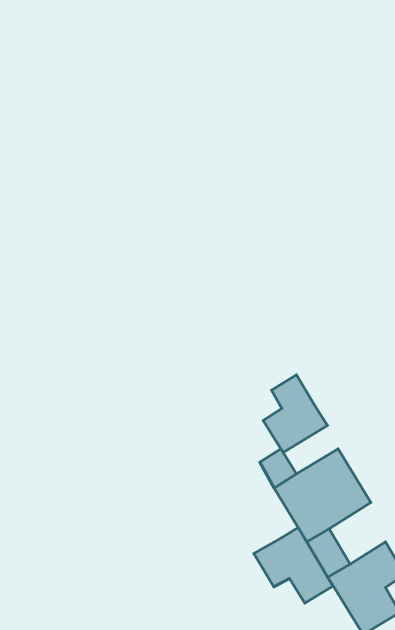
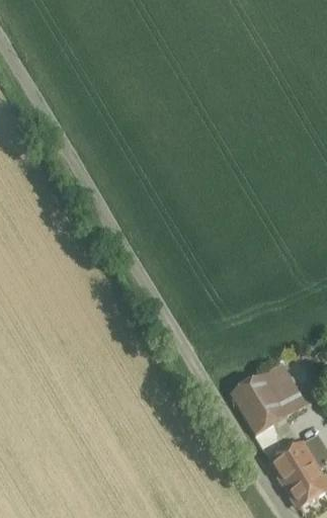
building: [263,375,327,453] -> none
building: [254,527,333,603] -> none

